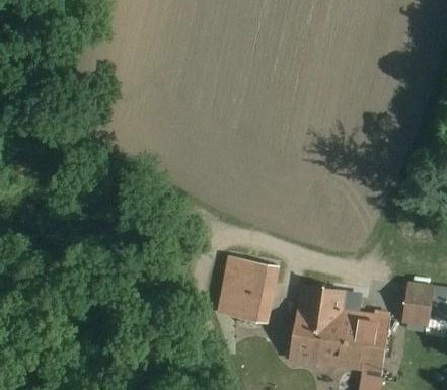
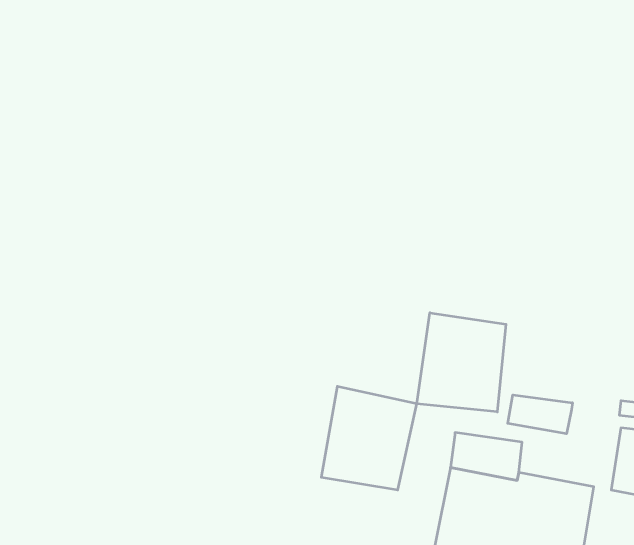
building: none -> [417,313,506,412]
building: none -> [508,395,572,434]

